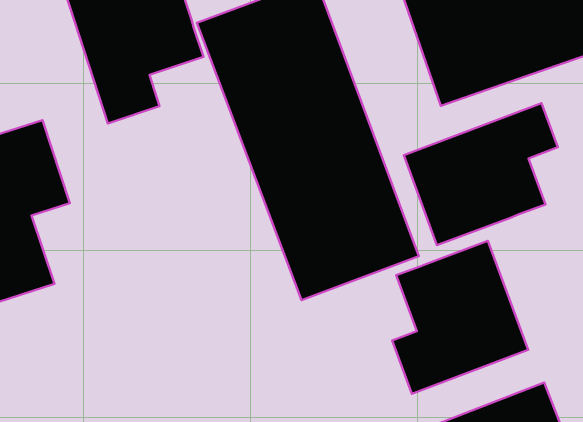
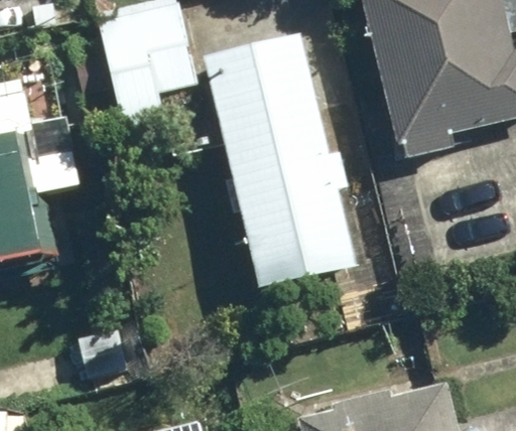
building: [404,103,558,245] -> none
building: [392,241,528,394] -> none

